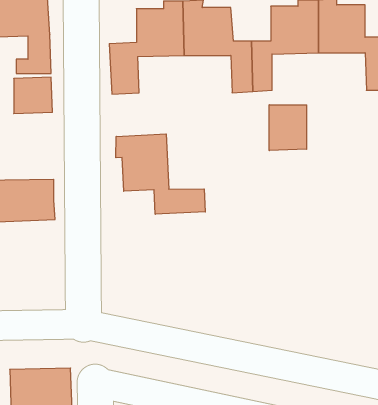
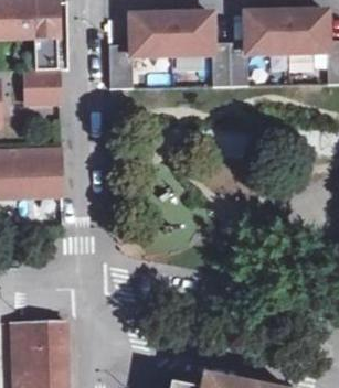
building: [269,105,307,151] -> none
building: [116,134,205,214] -> none

